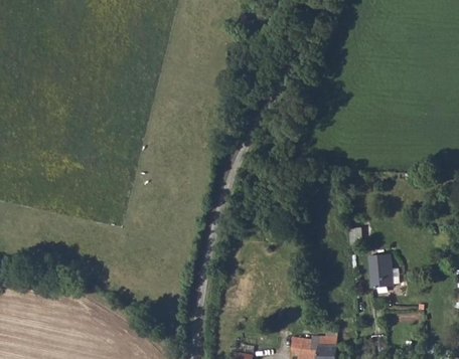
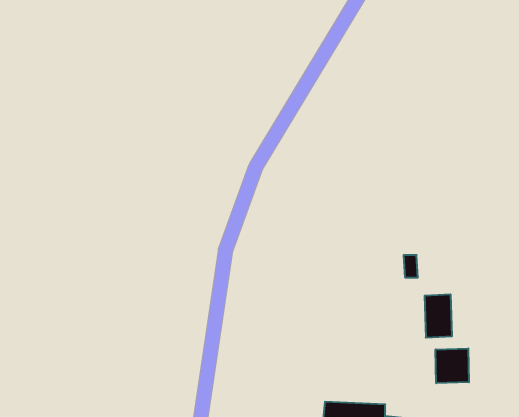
building: none -> [436,348,469,383]

